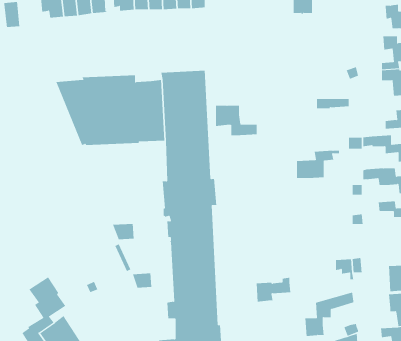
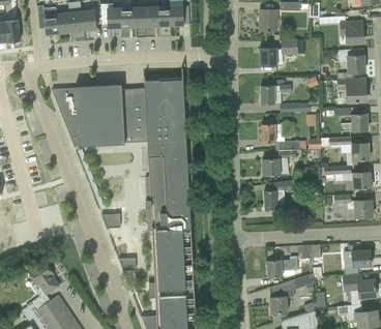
building: none -> [260,40,305,65]
building: none -> [261,86,291,103]
building: [215,105,258,136] -> [262,124,299,151]
building: none -> [264,180,299,210]
building: [256,277,291,302] -> [267,256,298,277]

